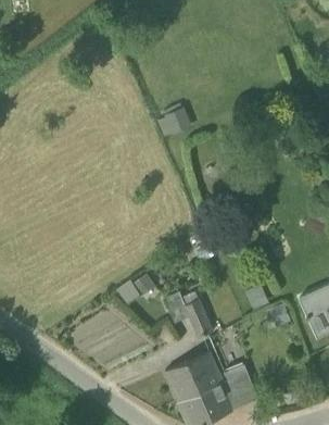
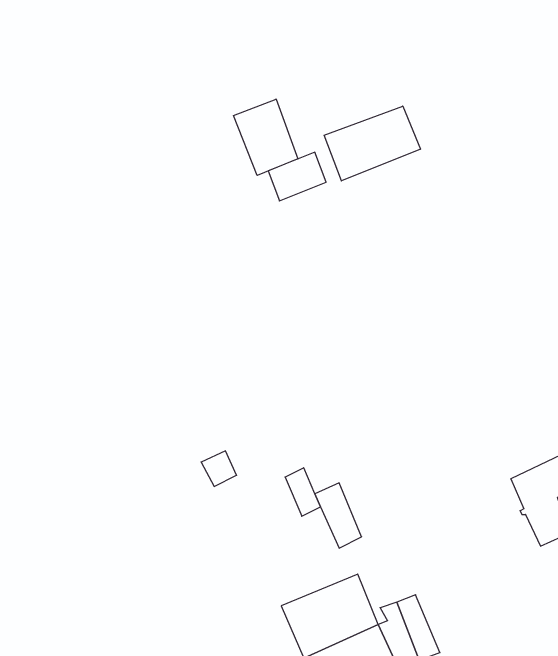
building: none -> [233,99,298,175]
building: none -> [324,106,420,181]

